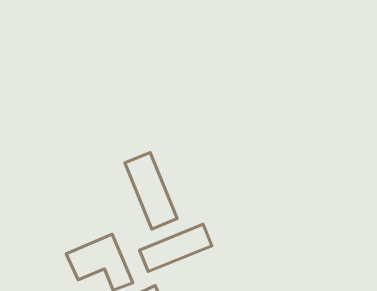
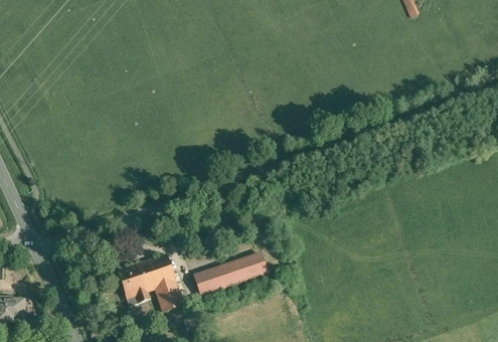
building: [125,153,177,229] -> none

